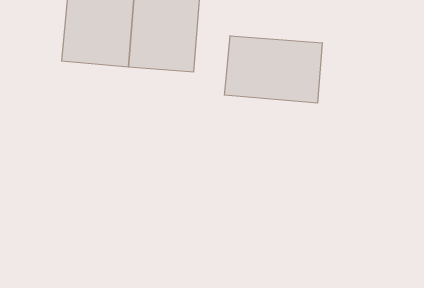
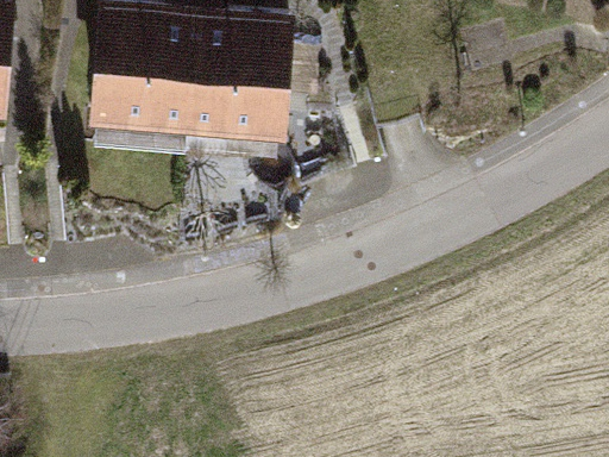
building: [224,36,322,103] -> none

